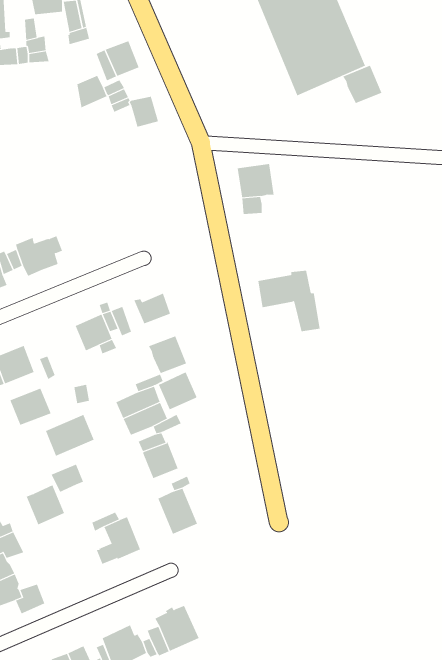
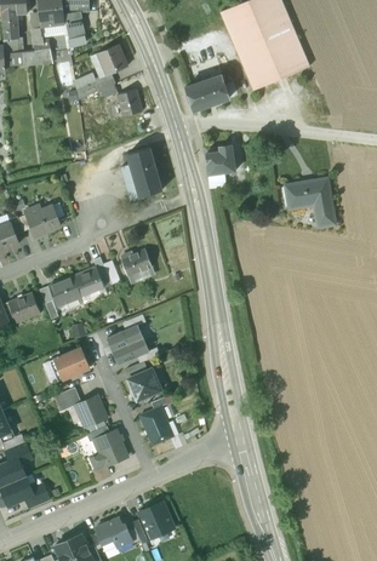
building: [343,65,382,104] -> none
building: none -> [185,76,229,111]
building: none -> [121,148,162,200]
building: [257,270,320,332] -> [286,178,337,228]
building: [148,335,187,374] -> none
building: [158,372,197,410] -> none
building: [9,388,51,426] -> [48,276,82,307]
building: [26,485,65,525] -> [75,395,107,428]

